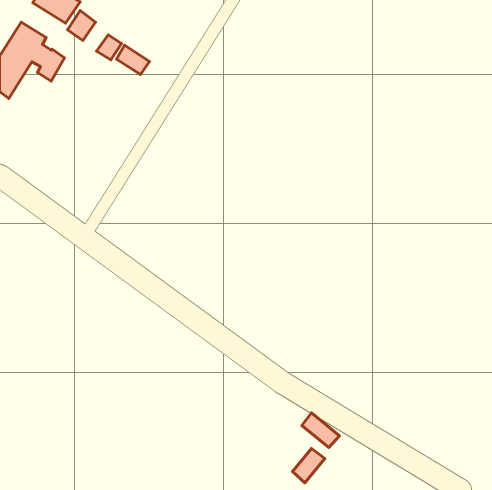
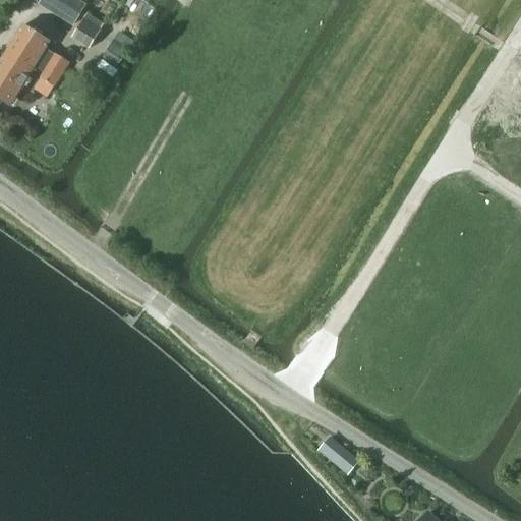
building: [117,45,149,75] -> none
building: [292,449,325,483] -> none

